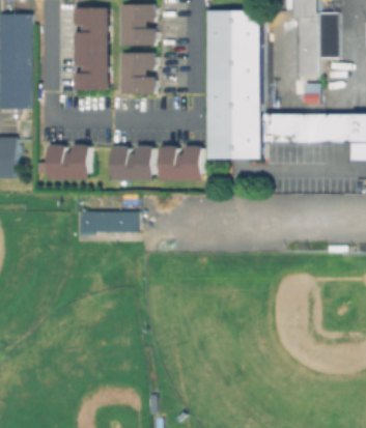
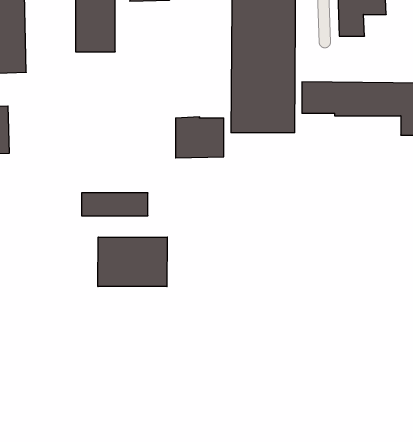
building: [120,52,156,93] -> none
building: [47,144,90,178] -> none
building: [111,145,153,180] -> none
building: none -> [98,237,167,287]

